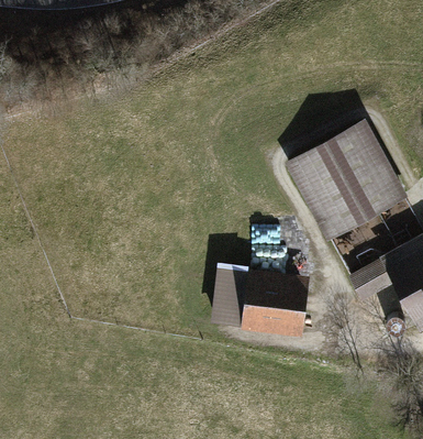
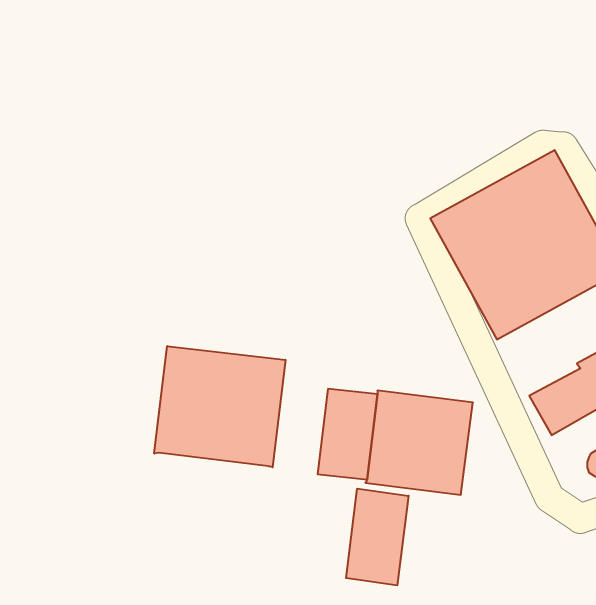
building: none -> [154,346,285,467]
building: none -> [346,489,409,585]

